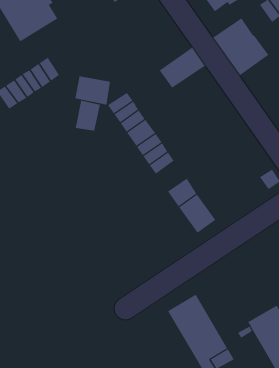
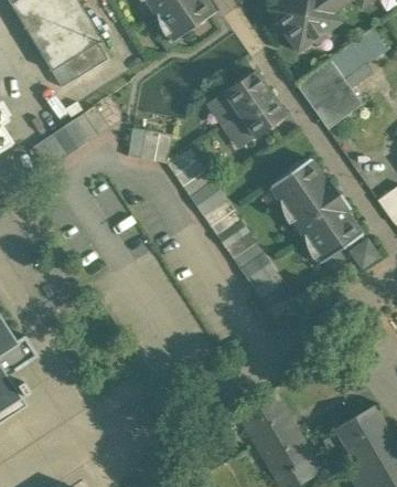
building: none -> [330,43,366,80]
building: none -> [214,71,270,123]
building: [75,100,101,132] -> none
building: none -> [270,159,362,262]
building: none -> [225,232,264,269]

